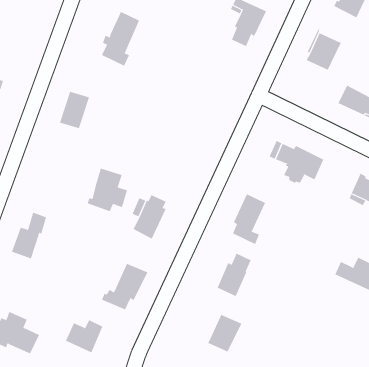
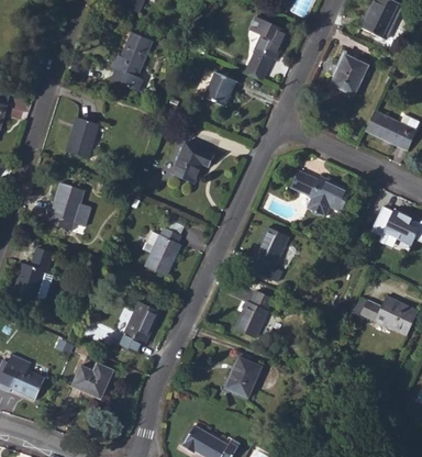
building: none -> [204,73,236,107]
building: none -> [173,143,214,183]
building: [87,168,128,212] -> [46,183,90,231]

